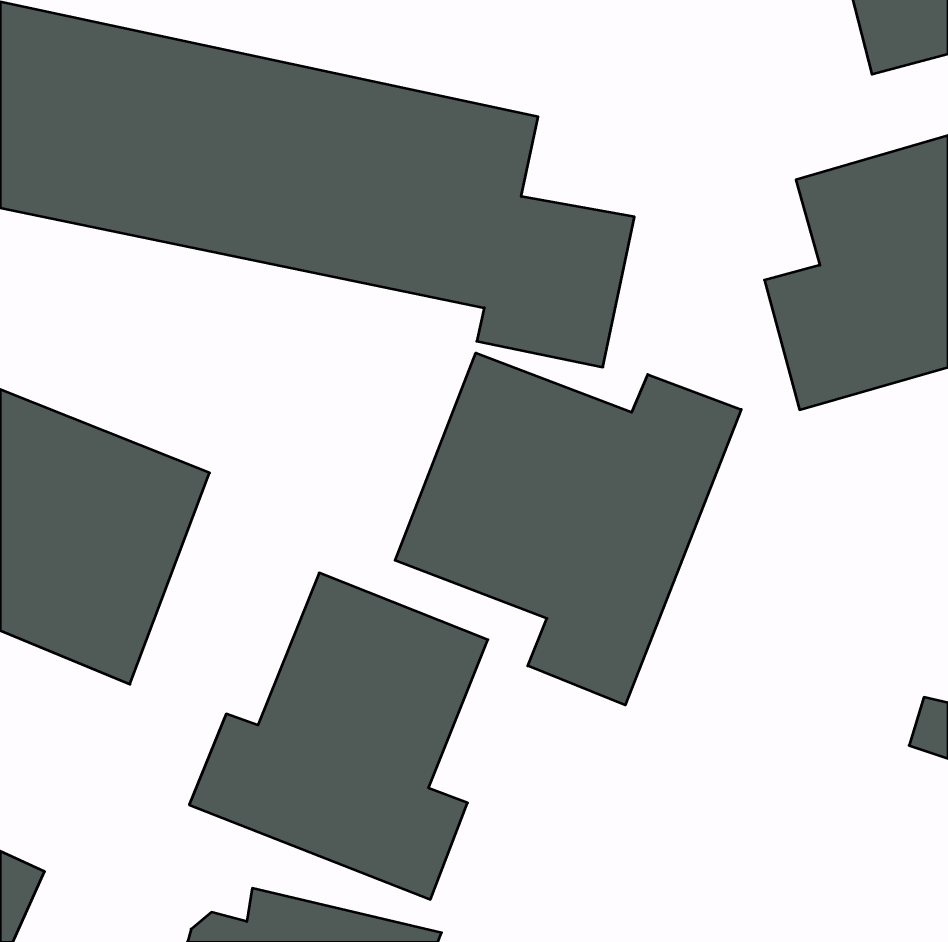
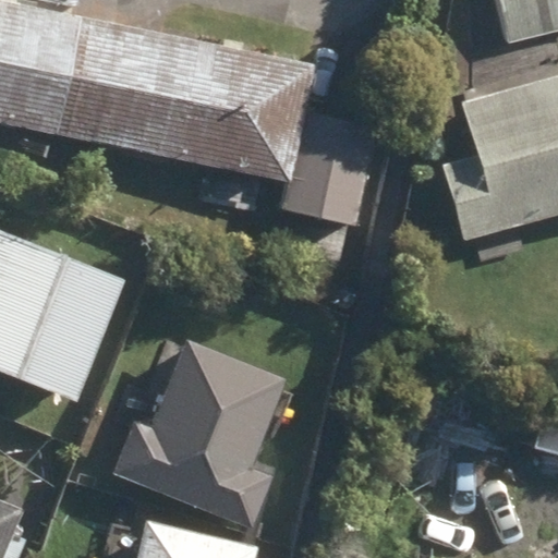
building: [395,353,741,705] -> none

